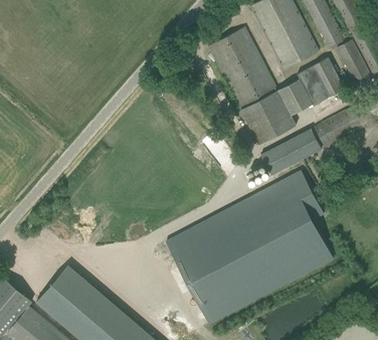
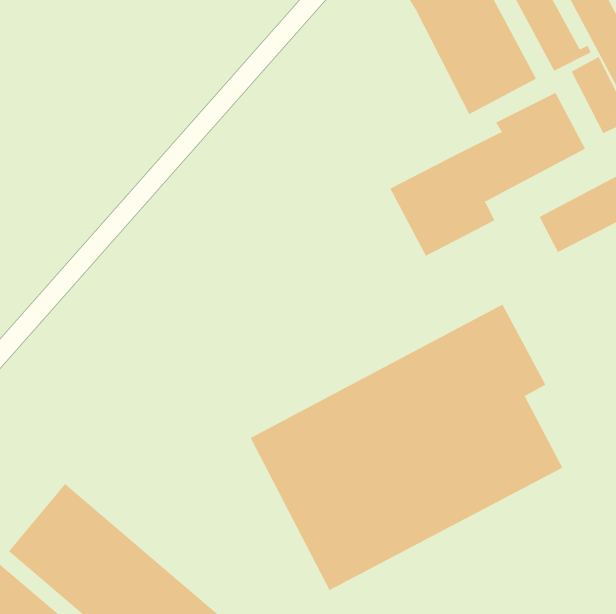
building: [207,26,277,109] -> none
building: [260,128,321,174] -> none

